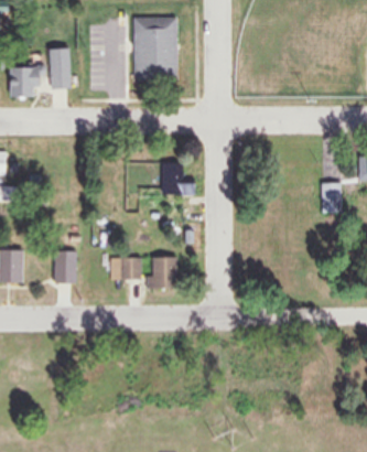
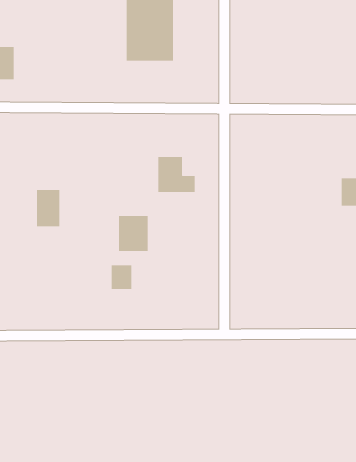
building: [50,47,71,88] -> none
building: [55,250,76,283] -> [36,189,60,227]
building: [150,256,176,288] -> [118,215,148,252]

